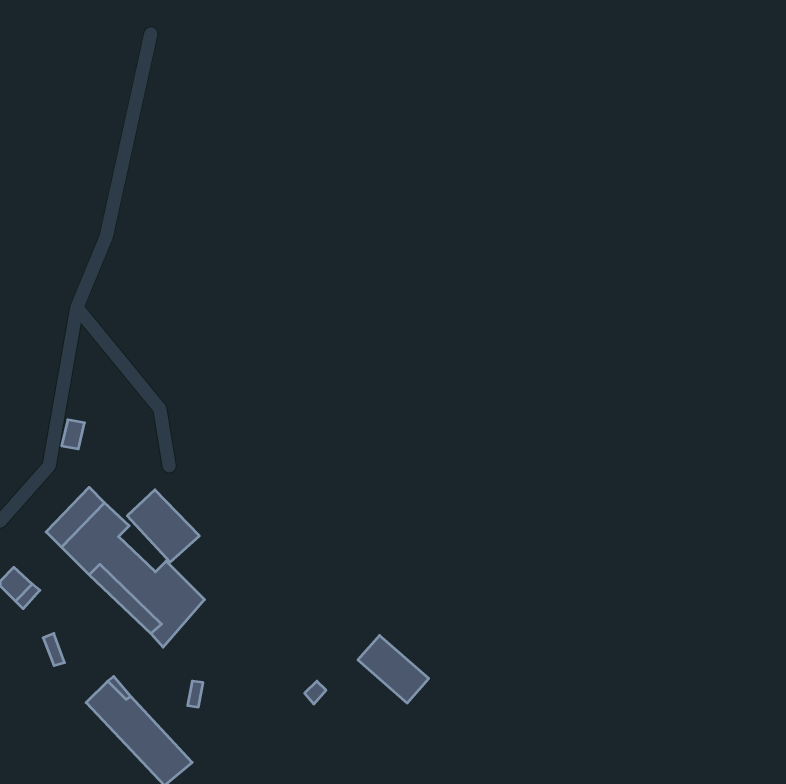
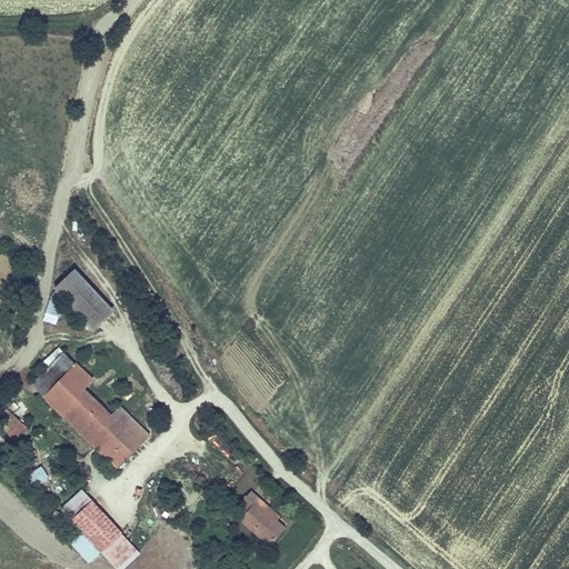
building: [127,490,199,562] -> [60,274,112,327]
building: [358,635,429,703] -> [233,495,284,543]

